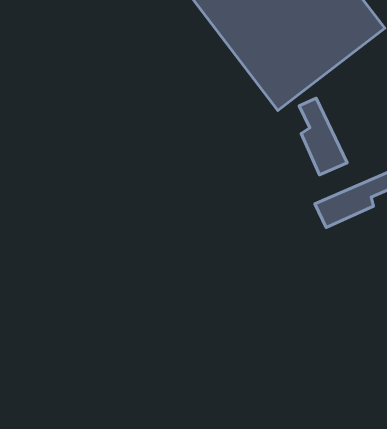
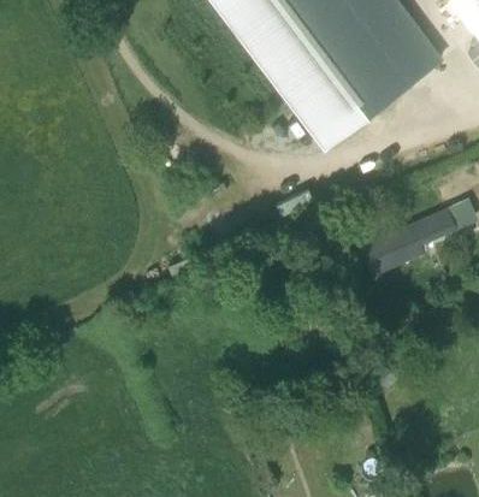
building: [299,98,347,175] -> none

